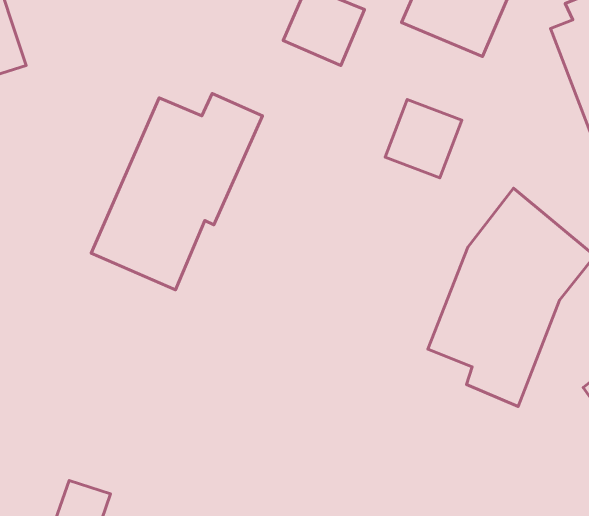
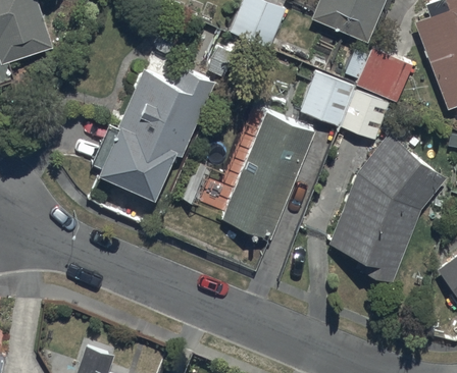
building: none -> [356,49,412,102]
building: none -> [341,91,389,141]
building: none -> [221,113,314,241]

